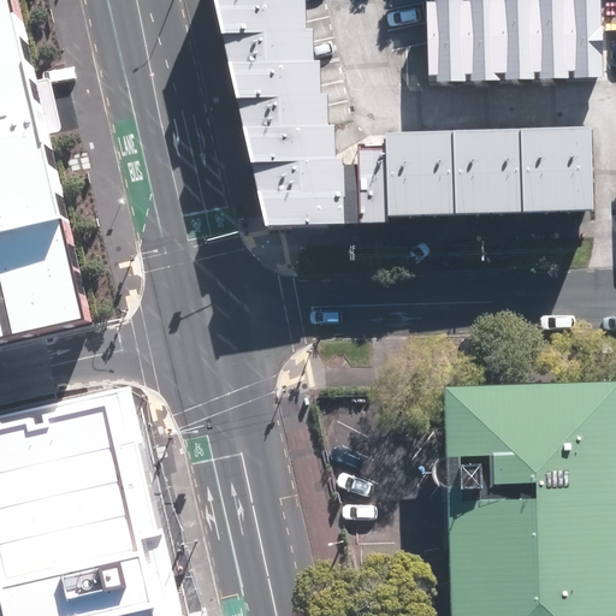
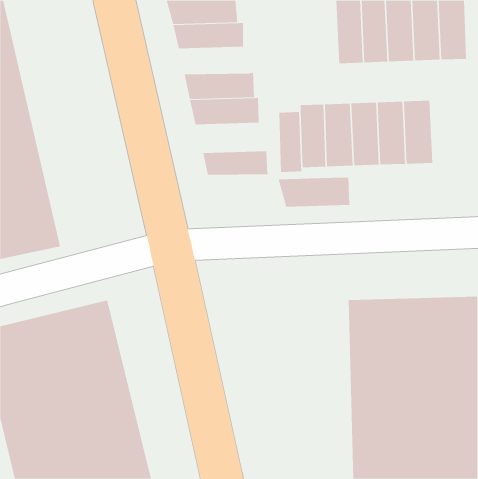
building: [229,60,320,95] -> none
building: [552,128,592,209] -> none
building: [250,158,343,196] -> [278,177,350,207]

